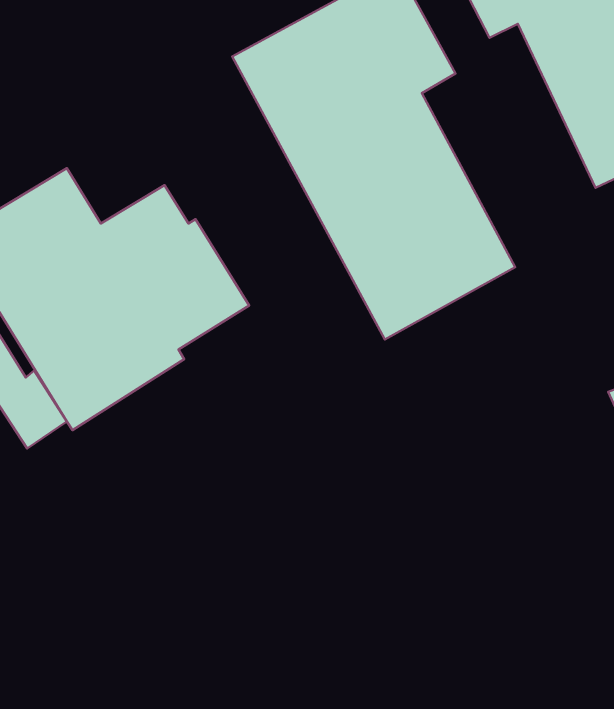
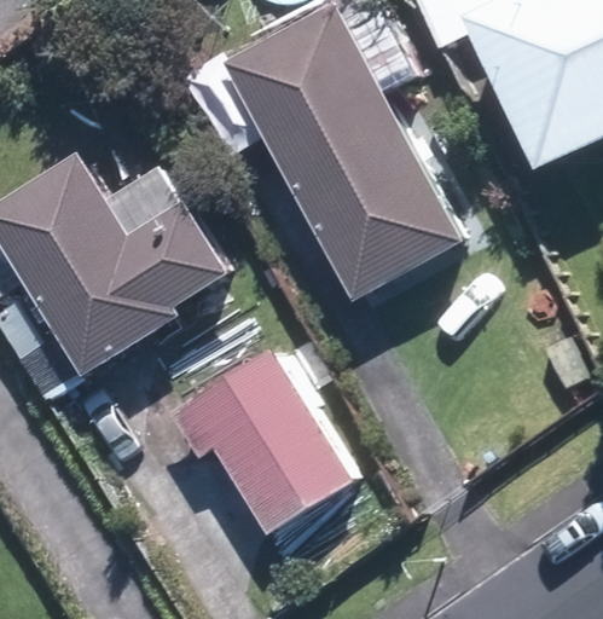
building: none -> [170,345,354,528]

